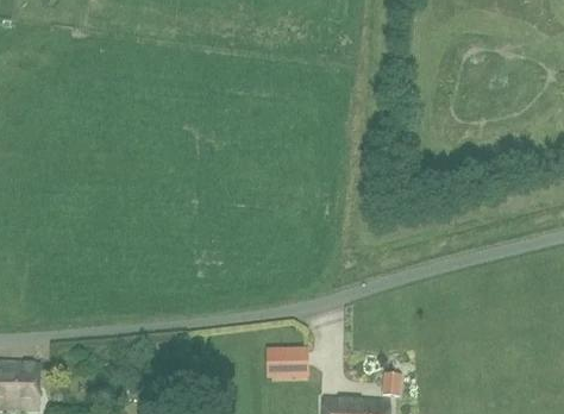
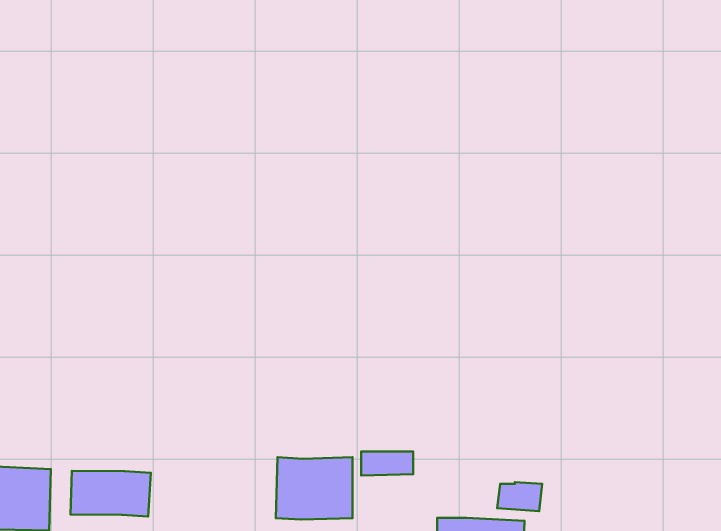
building: none -> [276,457,353,520]
building: none -> [71,471,151,516]

